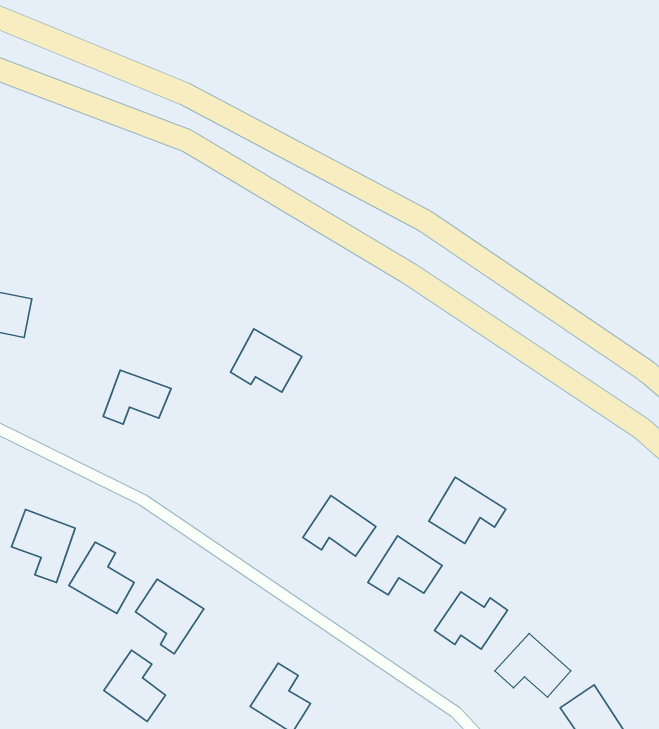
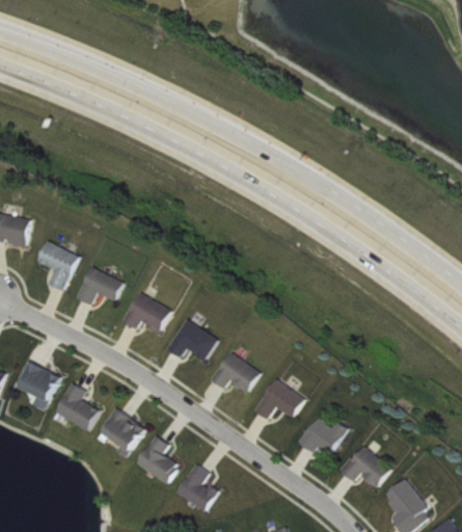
building: [231,329,302,392] -> [123,292,170,335]
building: none -> [36,241,78,291]
building: none -> [166,320,217,361]
building: [429,477,506,543] -> none
building: [104,650,166,721] -> [136,435,178,483]

